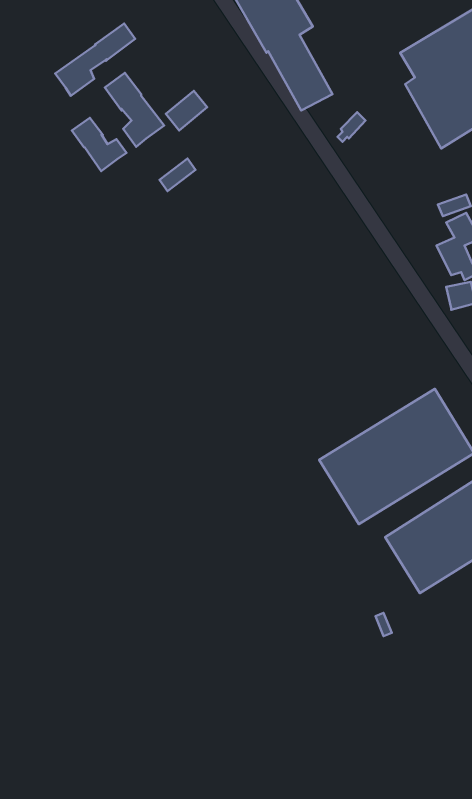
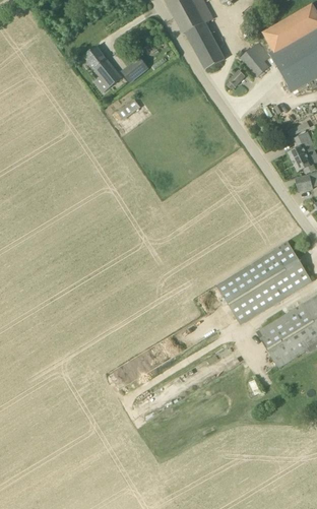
building: [55,23,135,96] -> none
building: none -> [240,42,270,76]
building: [72,118,127,171] -> none

